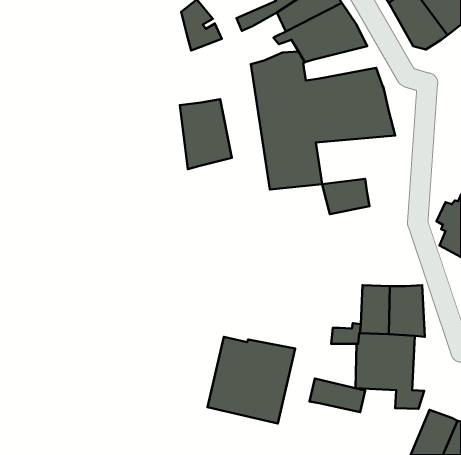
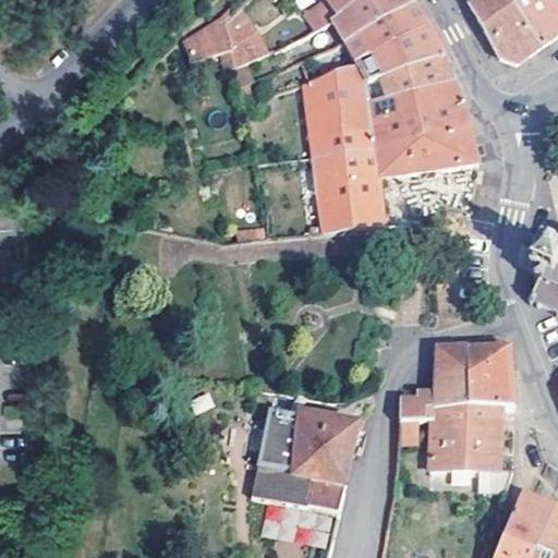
building: none -> [186,14,227,59]
building: none -> [379,56,454,95]
building: [180,99,232,169] -> none
building: [322,179,369,214] -> none
building: [310,378,365,412] -> none

